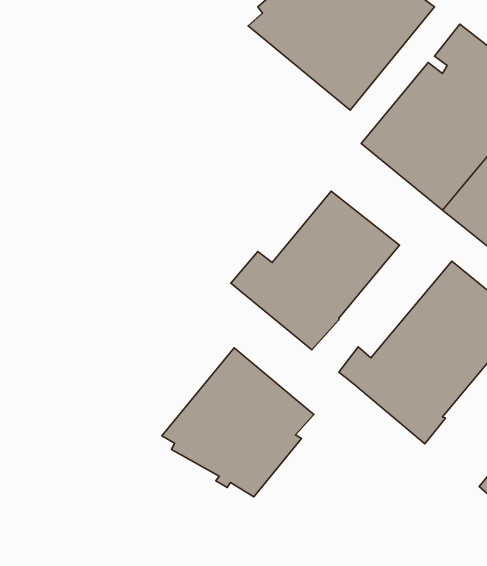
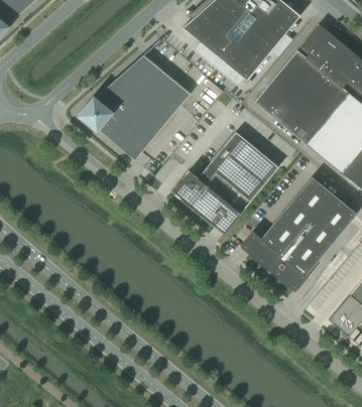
building: none -> [75,54,191,159]
building: [162,348,314,497] -> none

